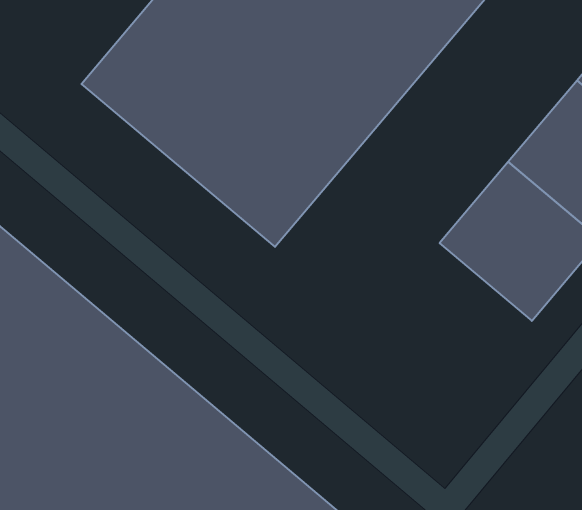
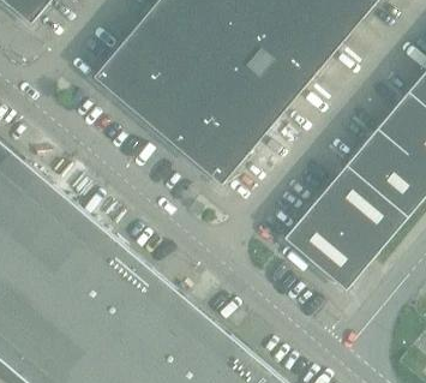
building: none -> [283,184,391,291]

